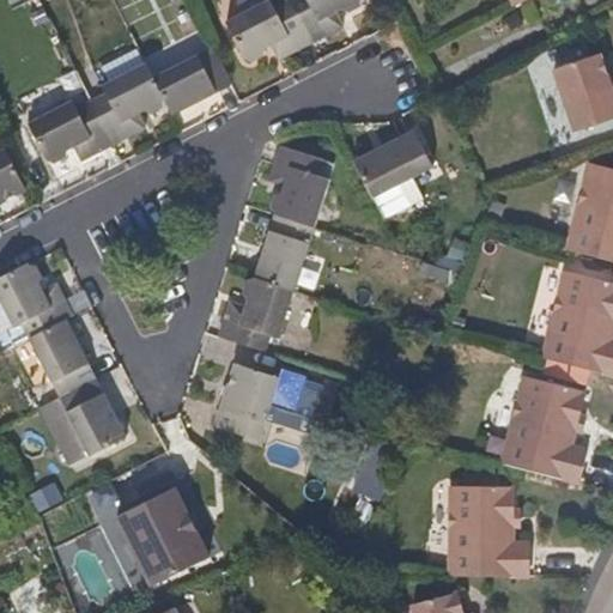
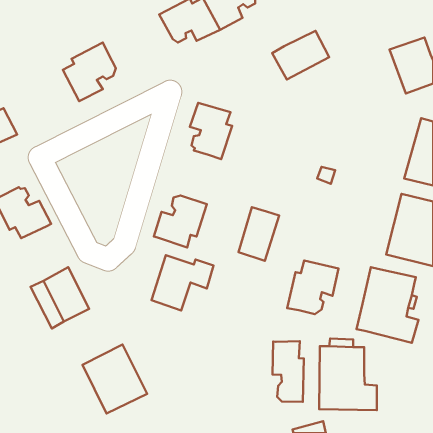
building: [152,45,230,111] -> none
building: [26,98,111,162] -> none
building: [352,127,432,195] -> [272,31,329,79]
building: [254,212,311,287] -> [238,207,279,261]
building: [30,318,96,395] -> none
building: none -> [287,261,338,314]
building: none -> [272,341,304,402]

